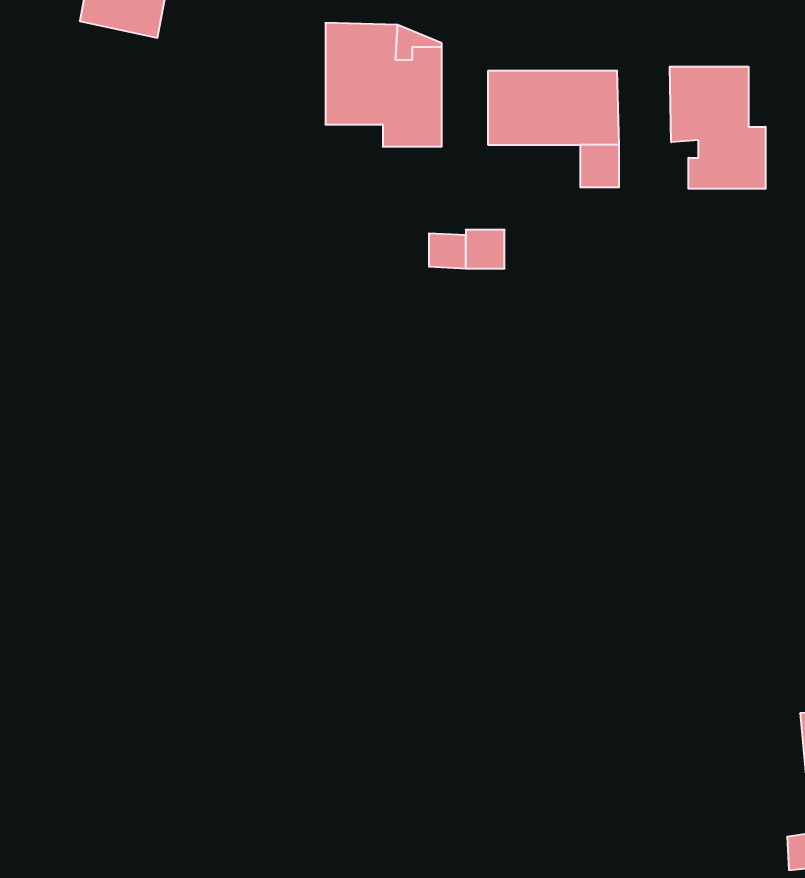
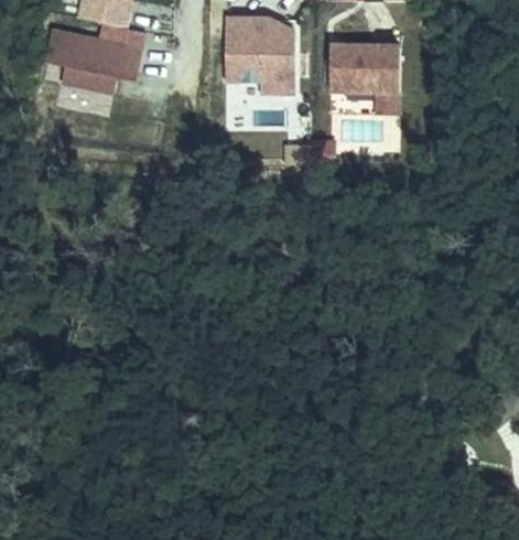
building: none -> [48,28,143,90]
building: [670,67,766,189] -> none

